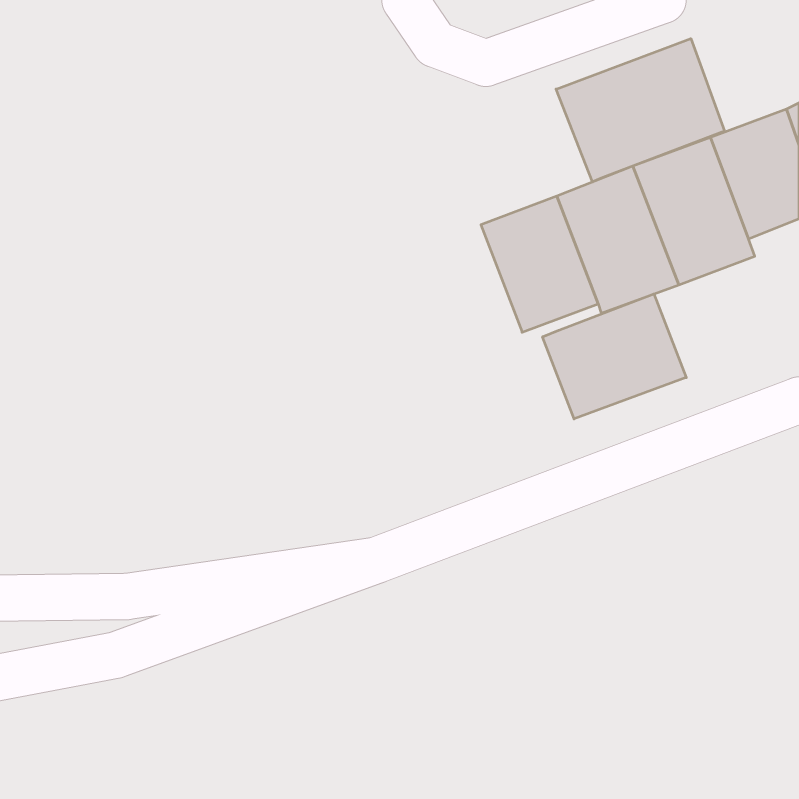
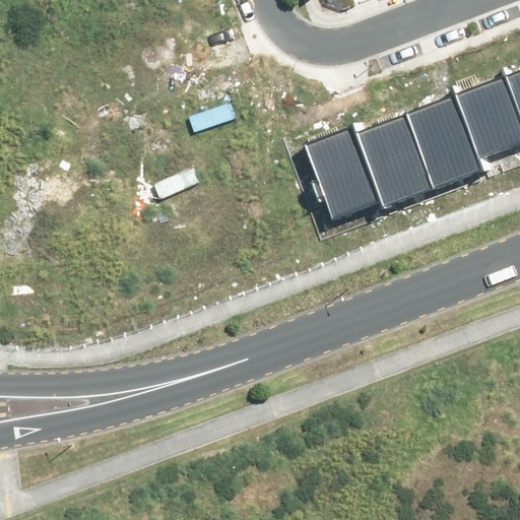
building: [556,39,725,182] -> none
building: [543,294,686,419] -> none

